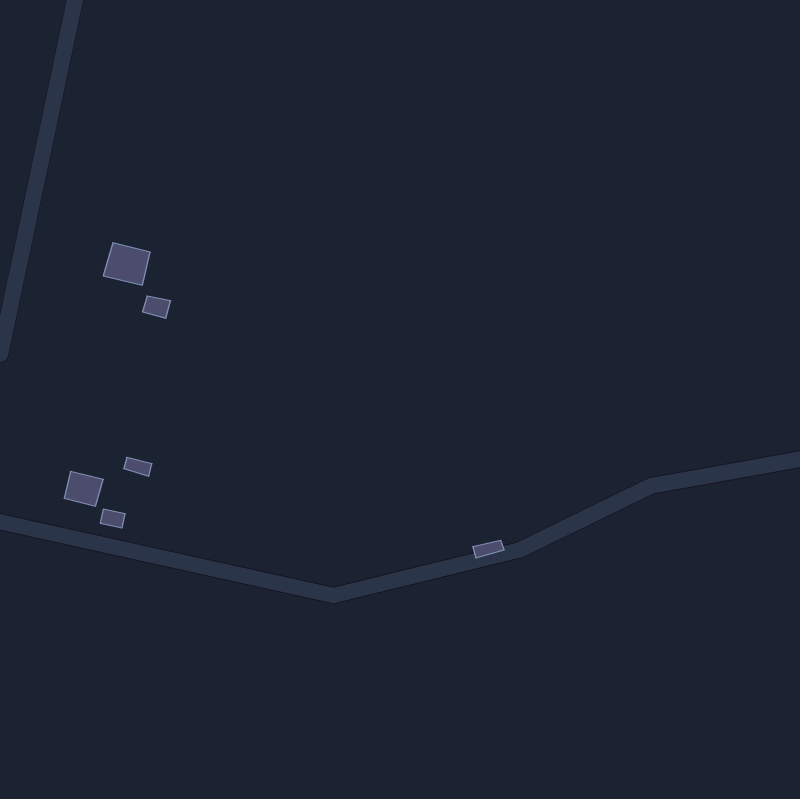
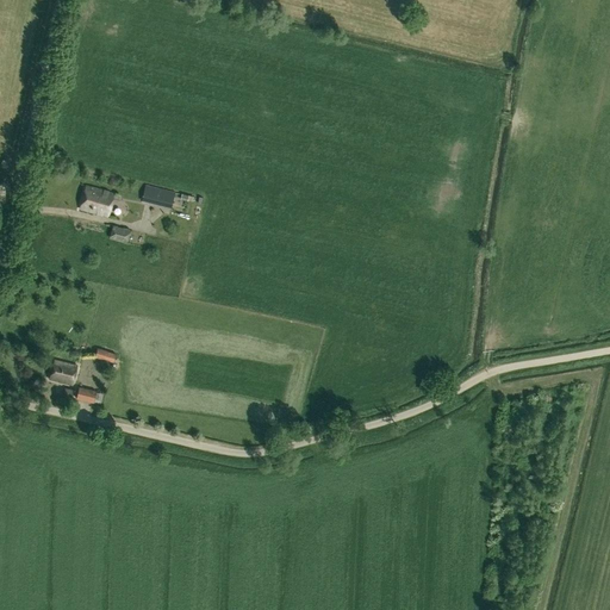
building: none -> [141,183,175,207]

